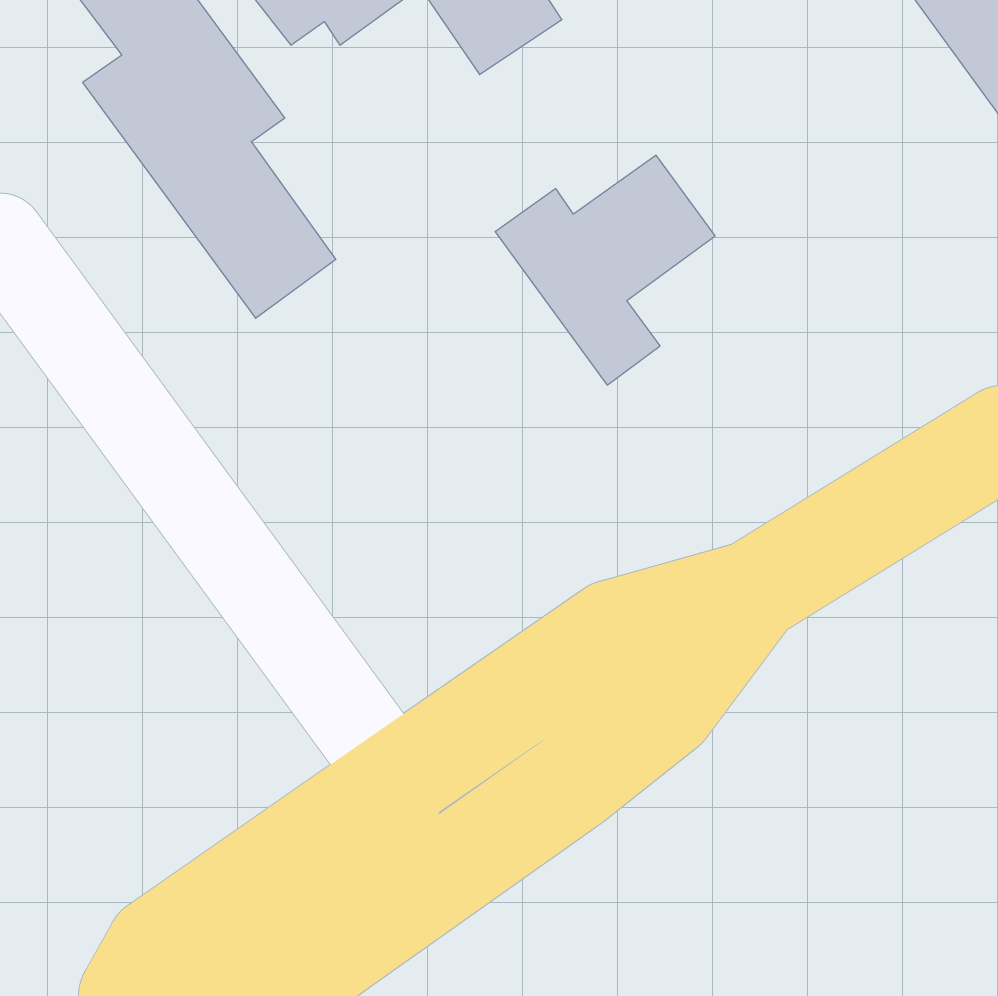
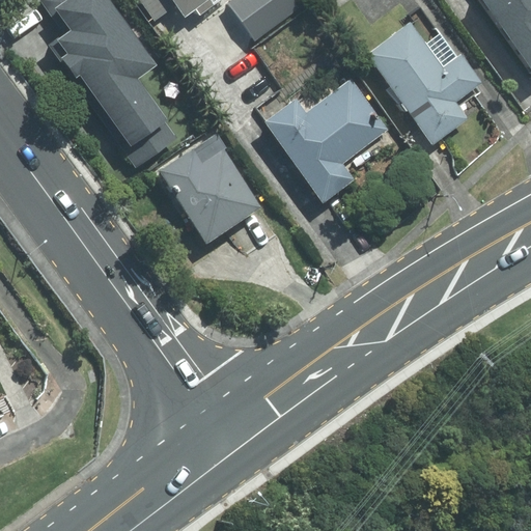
building: none -> [366,22,484,149]
building: none -> [158,130,266,242]

